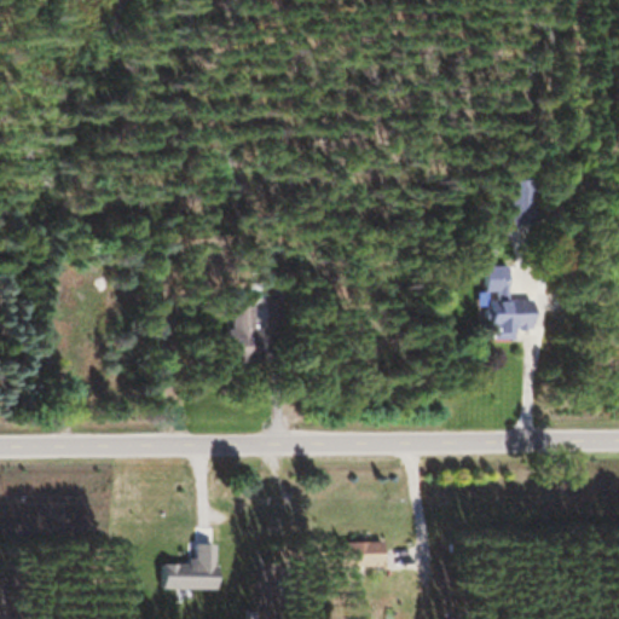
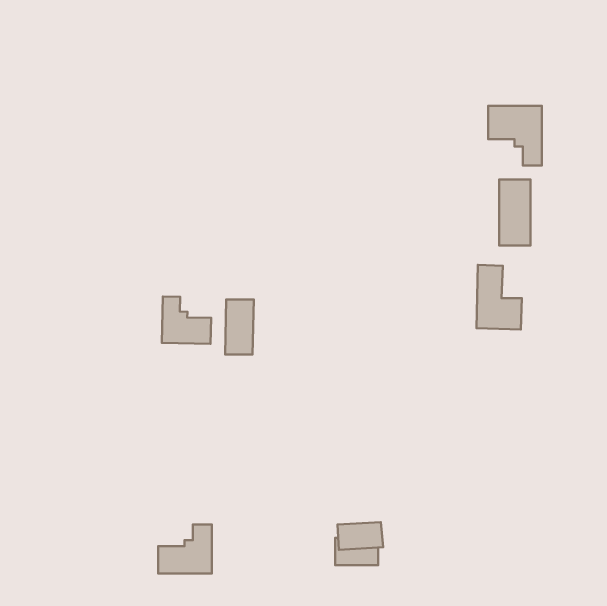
building: none -> [488,106,542,165]
building: none -> [162,296,211,344]

